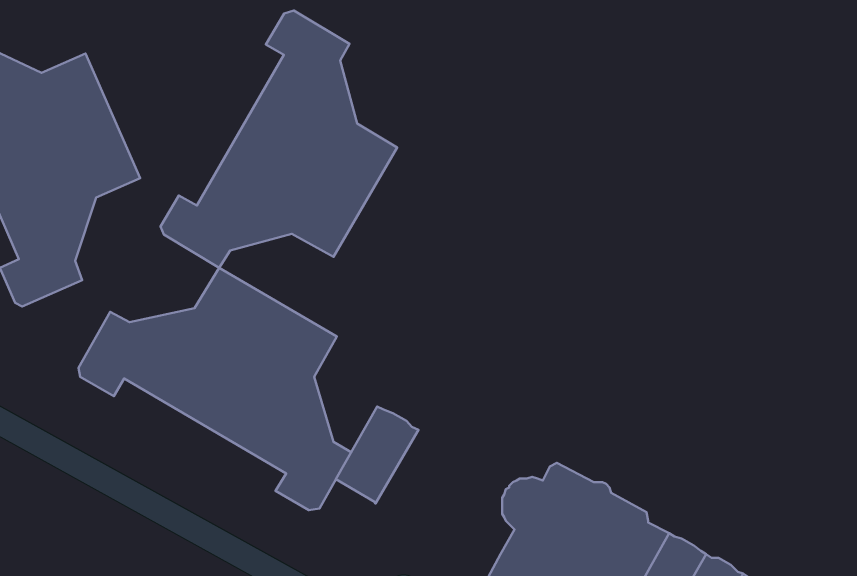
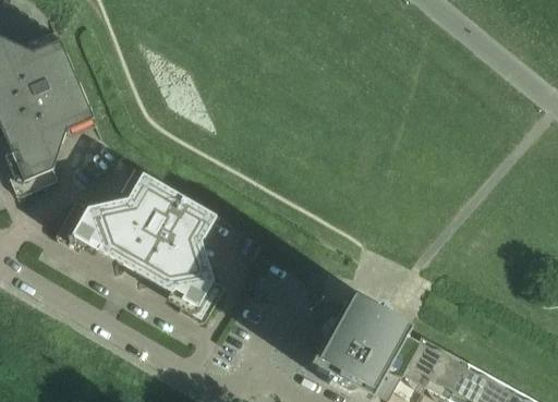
building: [161,10,397,268] -> none
building: [336,407,418,504] -> none

